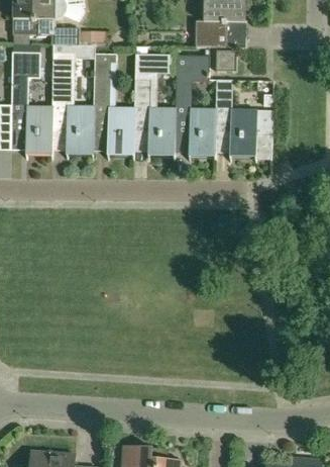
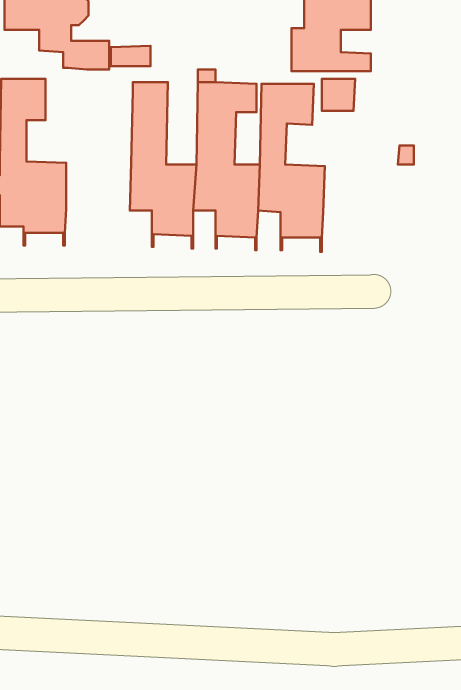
building: [52,54,94,160] -> none
building: [216,81,272,163] -> none

